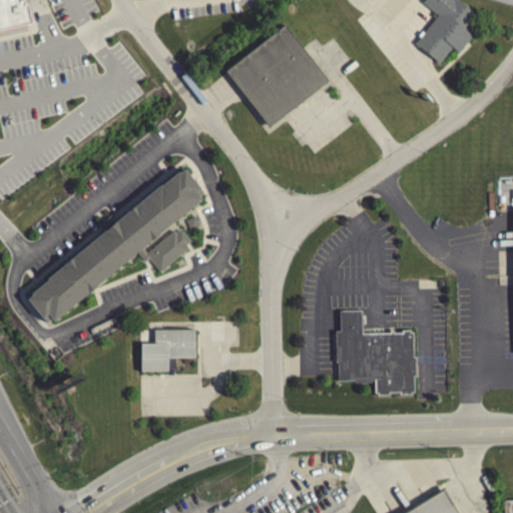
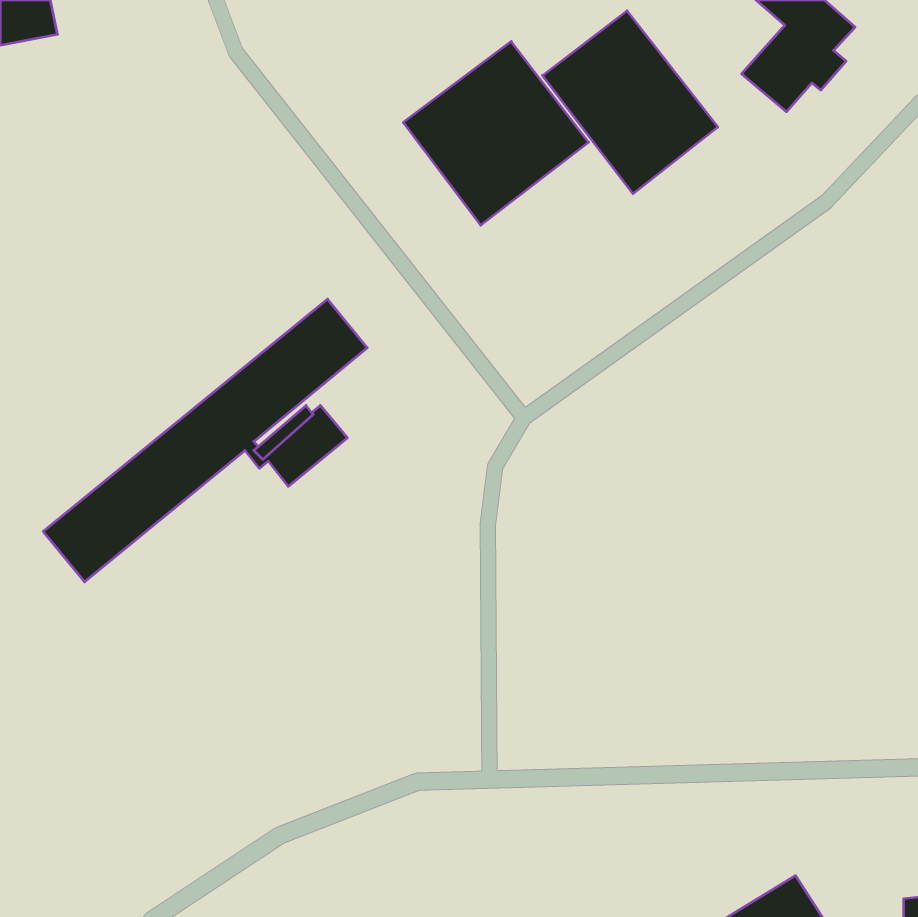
building: none -> [542,11,718,194]
building: [336,312,416,395] -> none
building: [141,330,196,373] -> none

